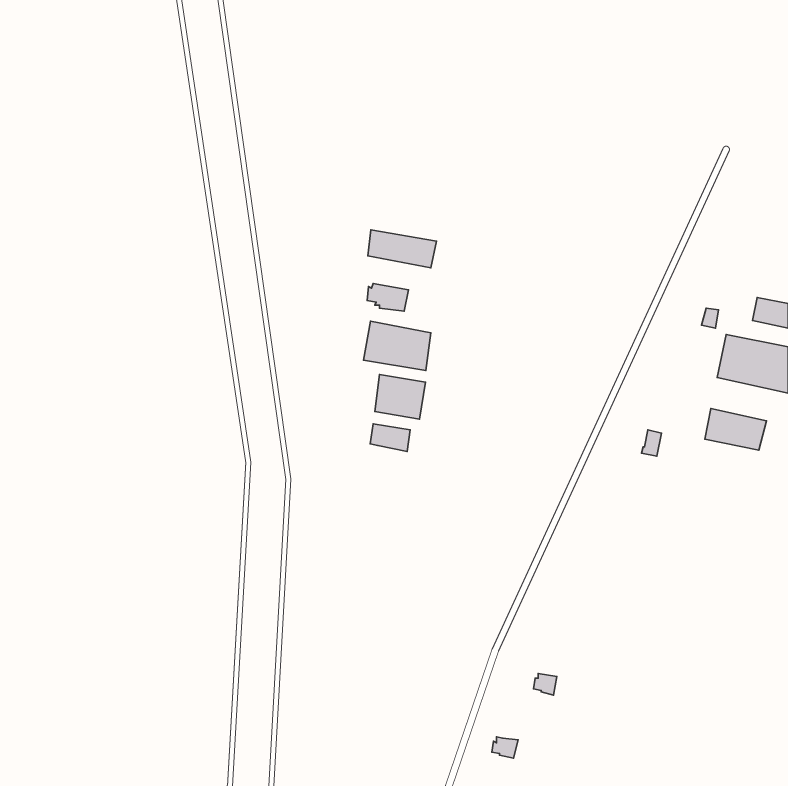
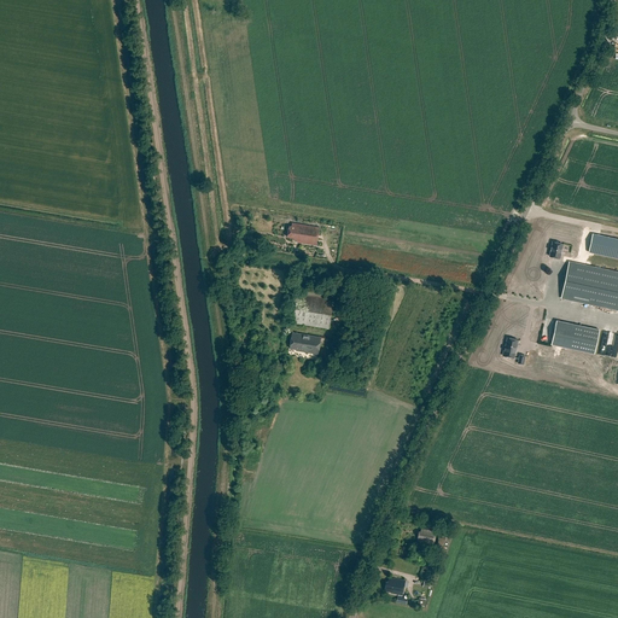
building: [368,230,436,268] -> none
building: [363,321,431,371] -> none

